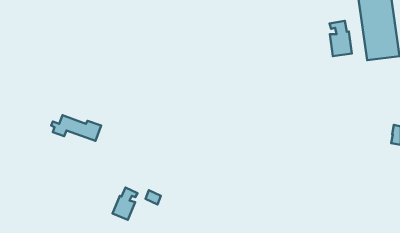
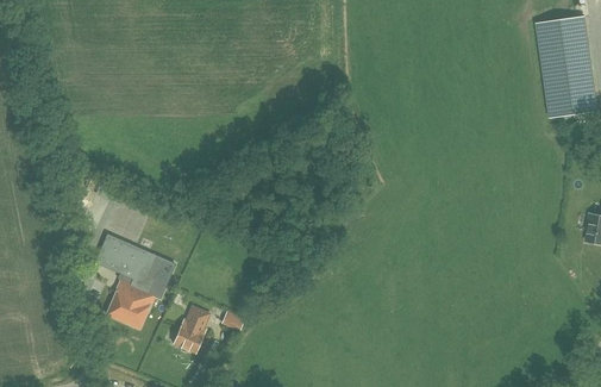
building: [330,21,352,56] -> none
building: none -> [94,233,174,329]

